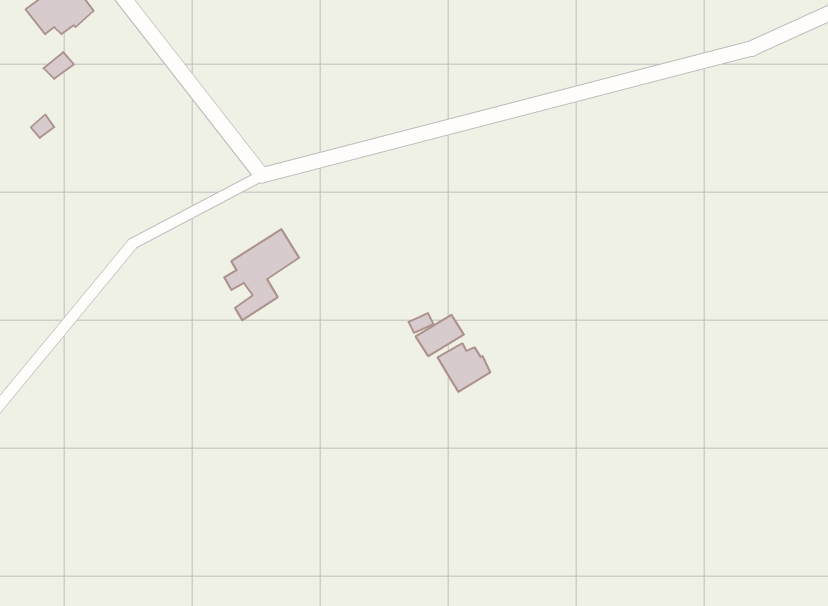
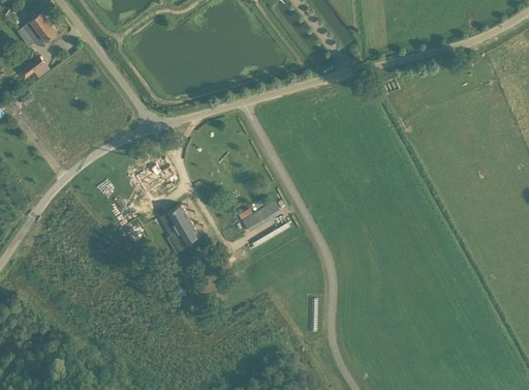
building: none -> [160,204,198,244]
building: [438,343,490,392] -> none

